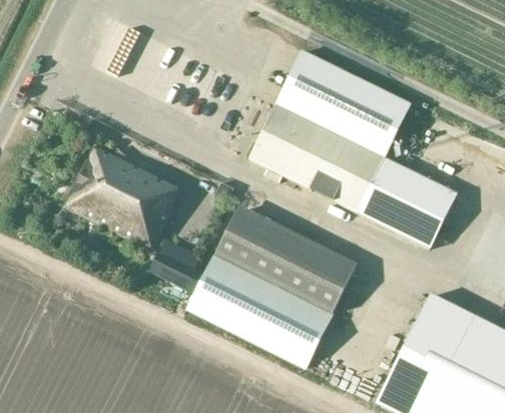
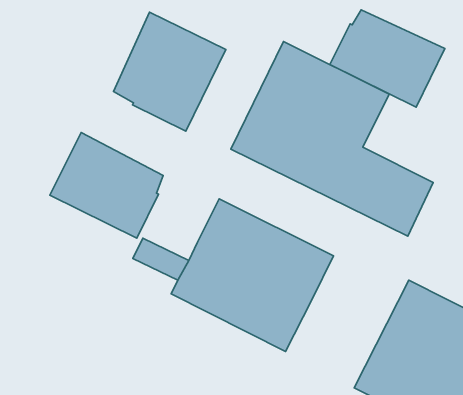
building: none -> [330,10,445,107]
building: none -> [114,12,226,131]

